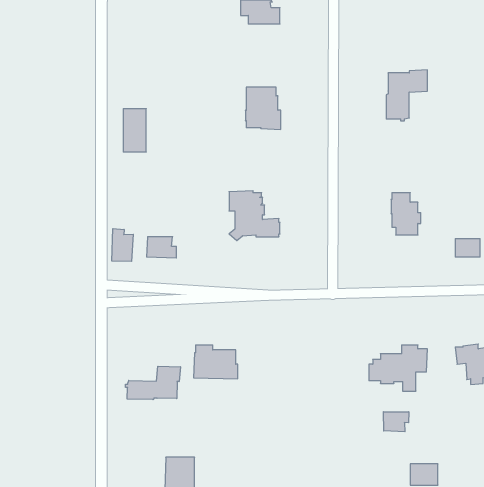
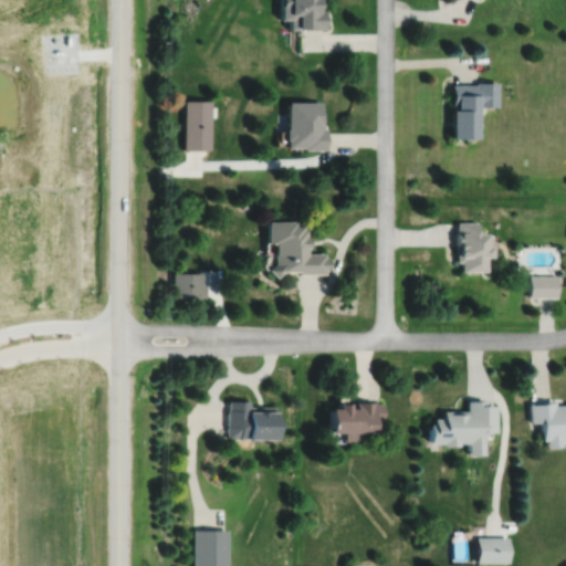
building: [123,109,146,152] -> [187,103,213,153]
building: [112,229,133,261] -> none
building: none -> [334,401,387,440]
building: [126,366,180,400] -> none
building: [383,412,409,432] -> none

